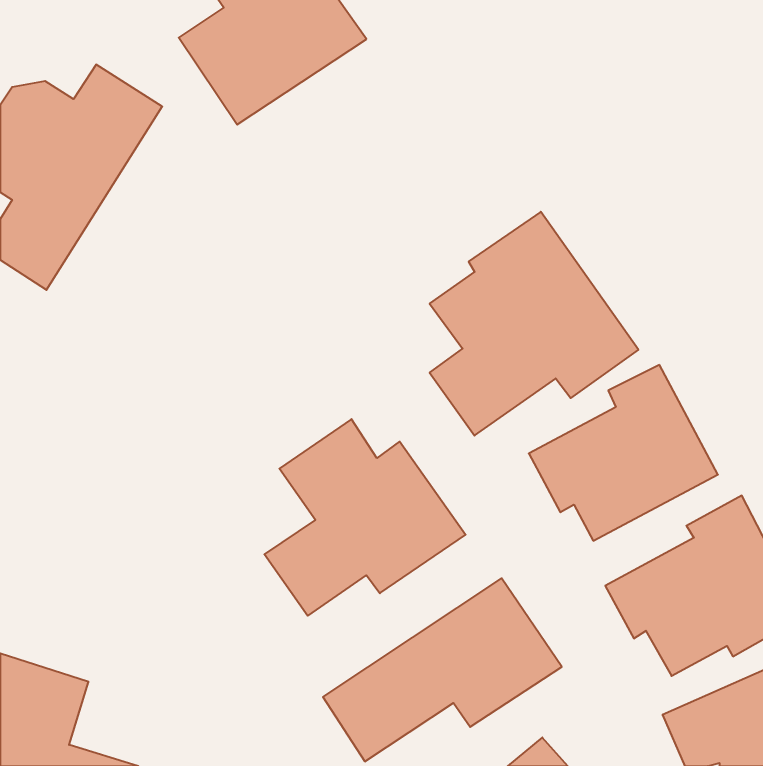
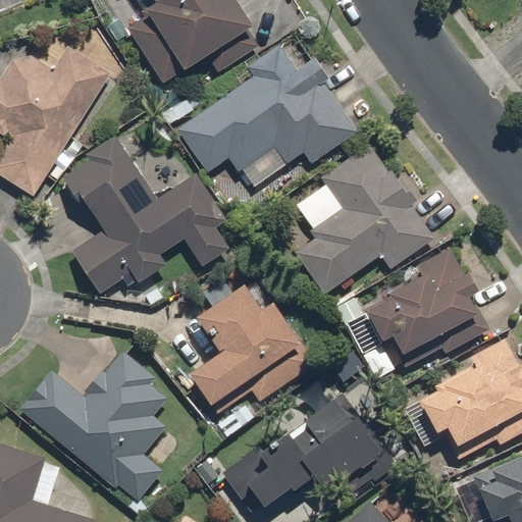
building: none -> [176,45,360,190]
building: none -> [60,135,231,297]
building: none -> [19,349,169,505]

